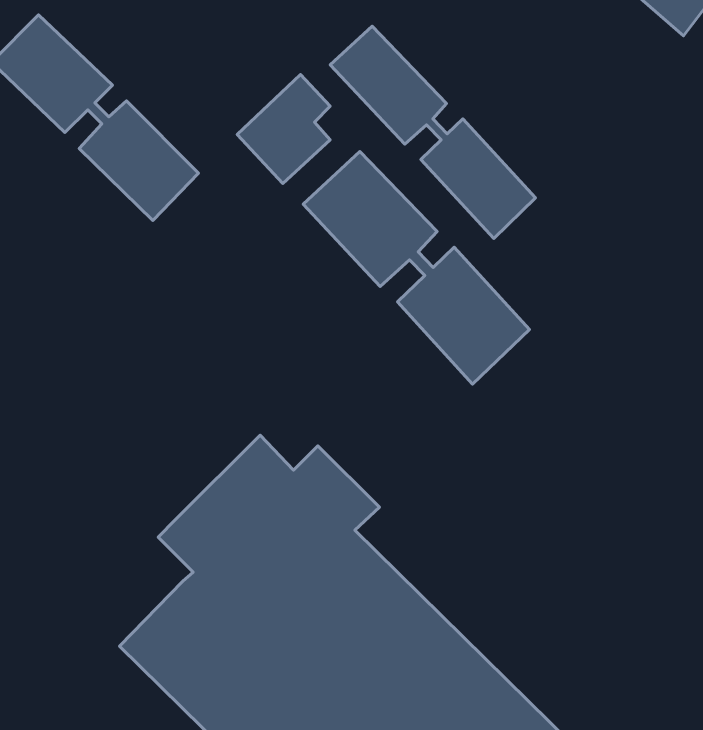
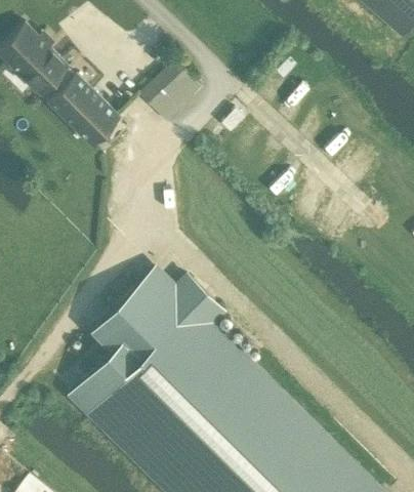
building: [330,26,535,238] -> none
building: [303,151,529,384] -> none

